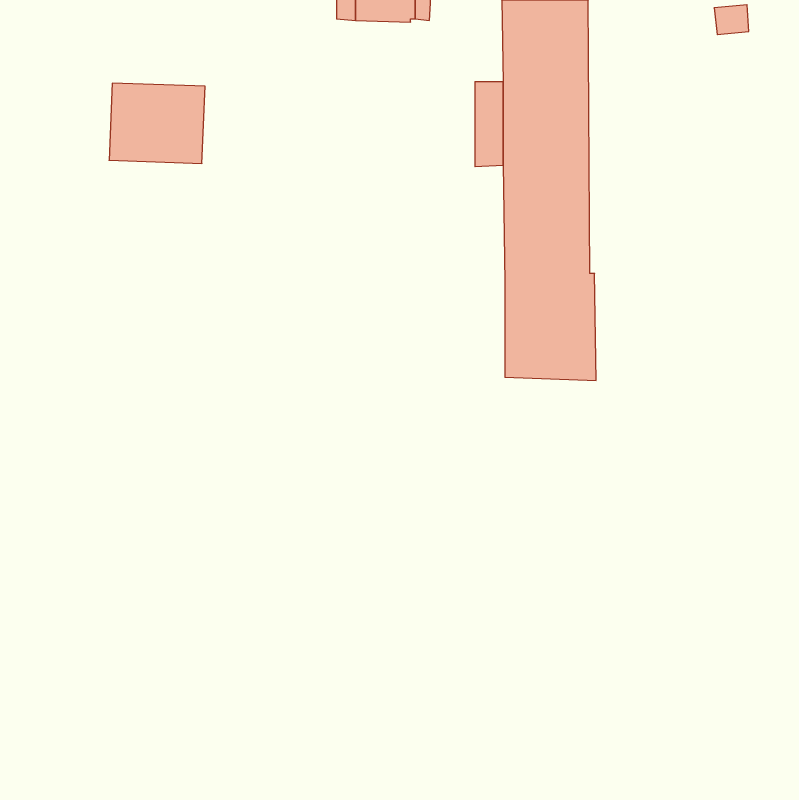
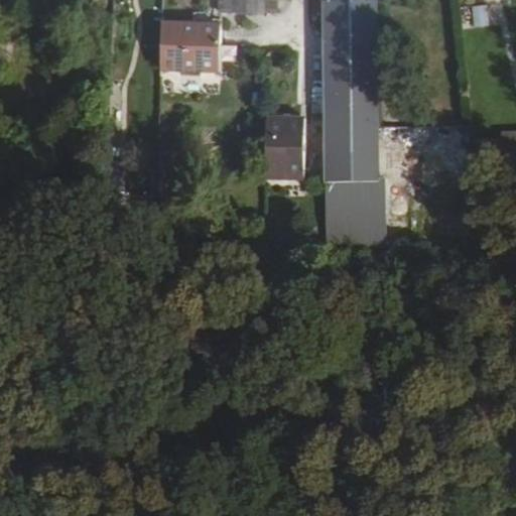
building: [109,83,205,163] -> [158,20,220,72]
building: none -> [264,115,303,180]

